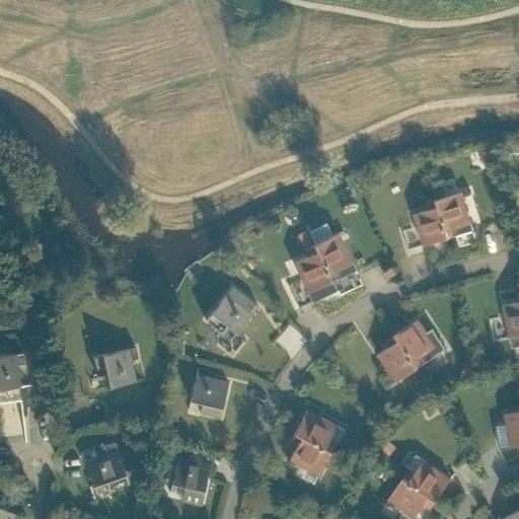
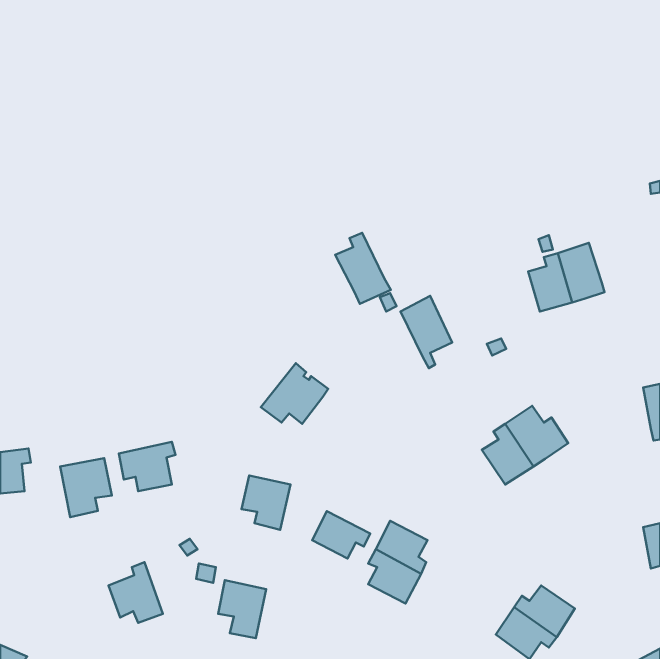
building: [293,245,337,301] -> [335,233,391,304]
building: none -> [60,458,112,517]
building: none -> [312,511,370,559]

